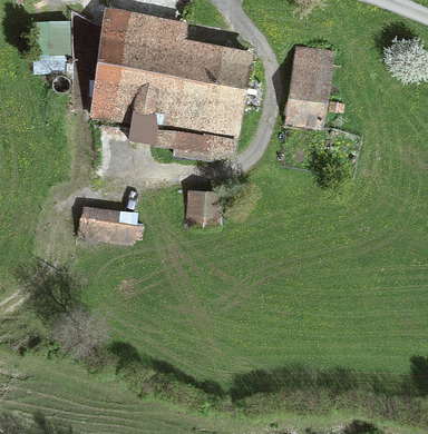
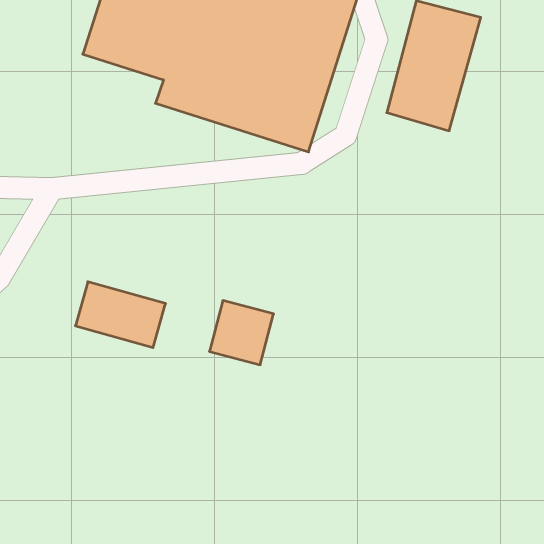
building: [181,189,218,227] -> [209,301,274,365]
building: [77,208,133,245] -> [75,282,166,348]

